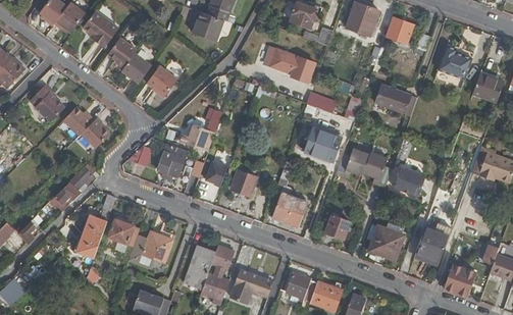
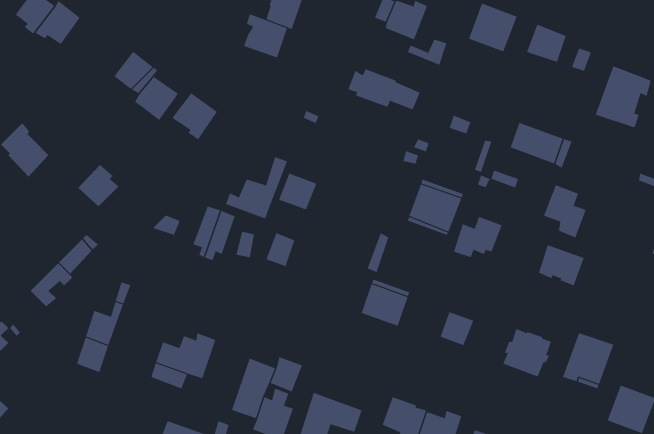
building: [80,9,116,47] -> none
building: [62,101,93,130] -> none
building: [363,152,393,189] -> [543,185,586,238]
building: [233,169,259,195] -> [278,173,317,210]
building: [108,217,134,242] -> none

